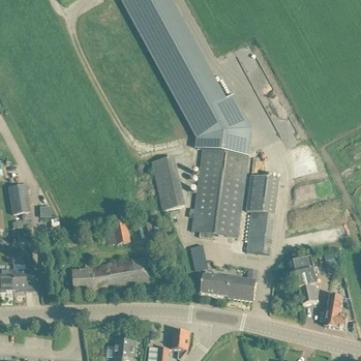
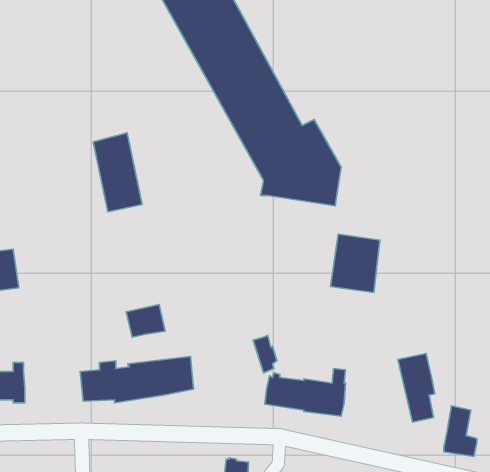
building: [188,147,248,238] -> none
building: [151,155,185,210] -> [93,133,142,212]
building: [246,211,275,254] -> none

